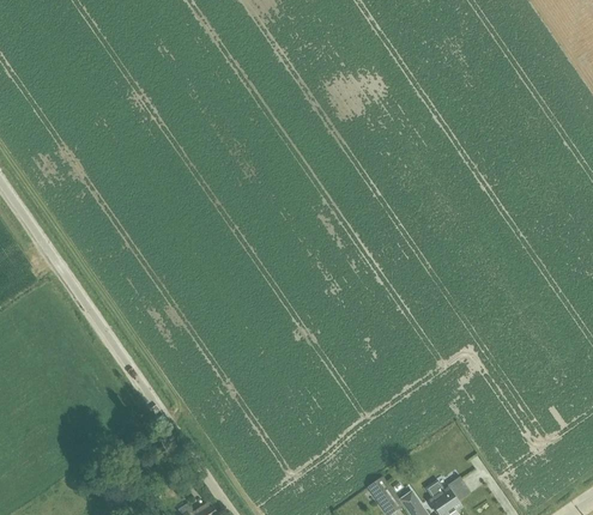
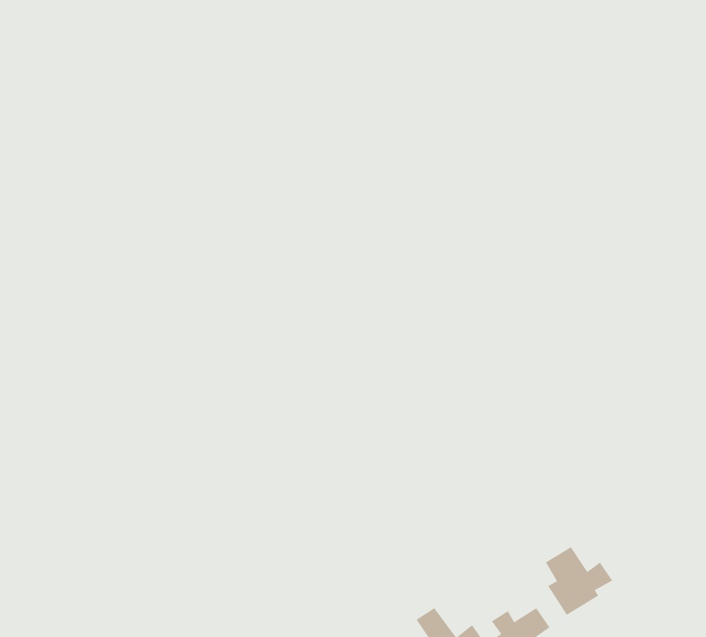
building: none -> [545,546,613,616]

